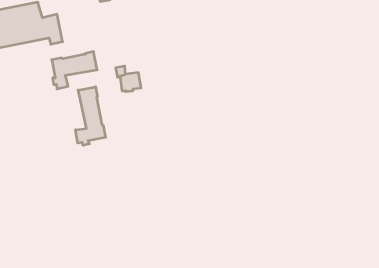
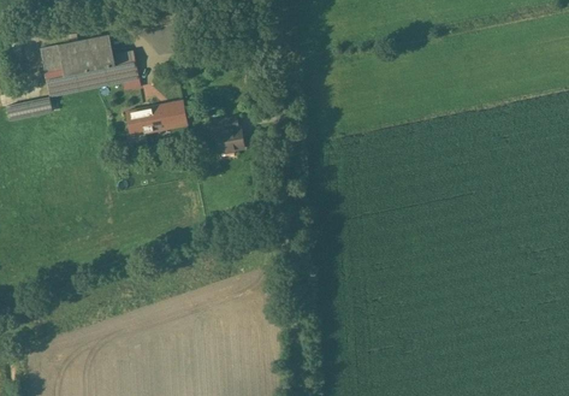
building: [76,87,106,145] -> none

